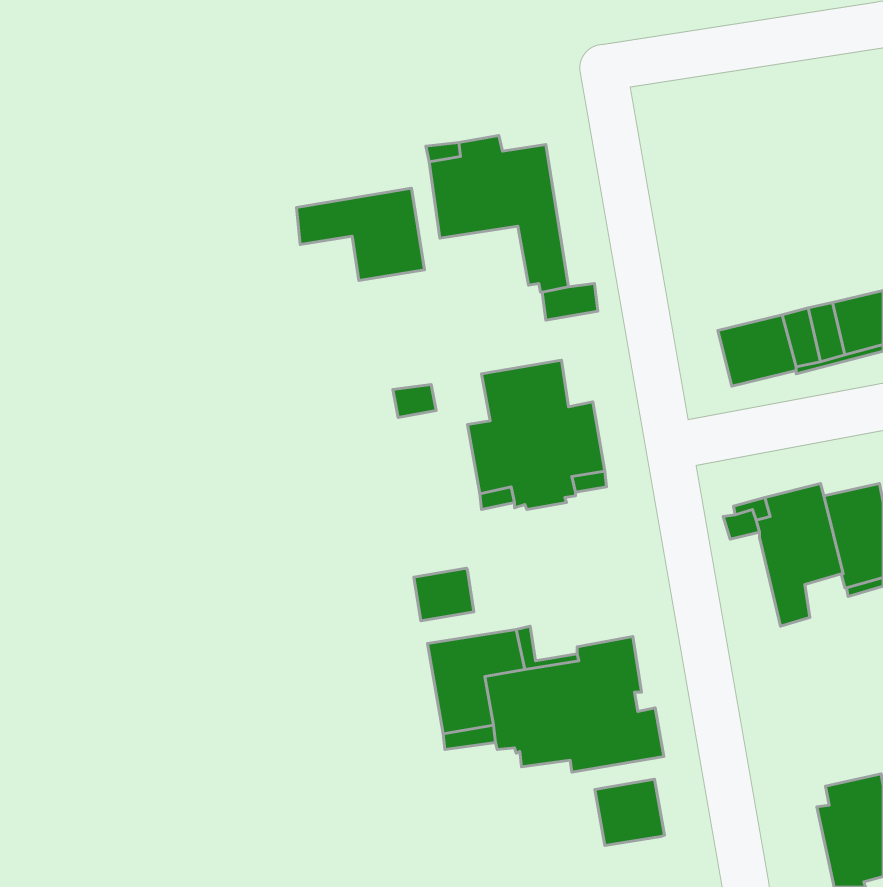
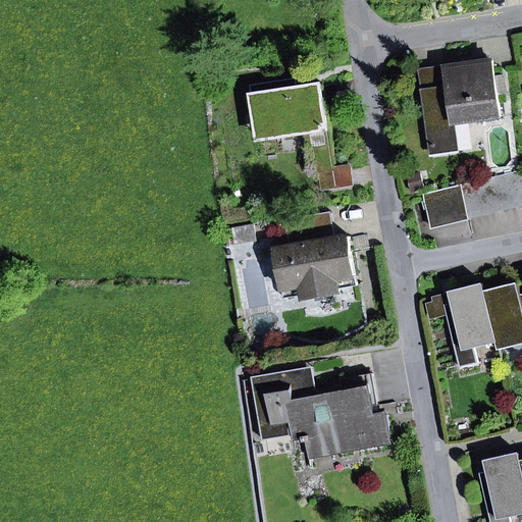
building: none -> [417,60,499,153]
building: [297,188,424,280] -> none
building: [414,568,474,621] -> none
building: [595,779,664,846] -> none

